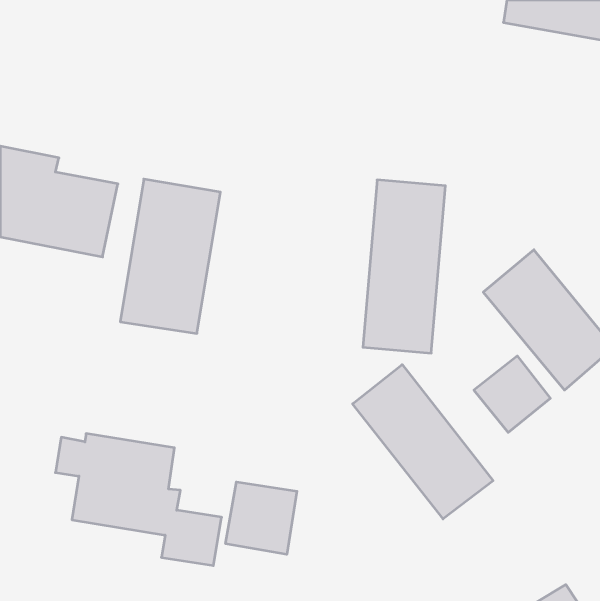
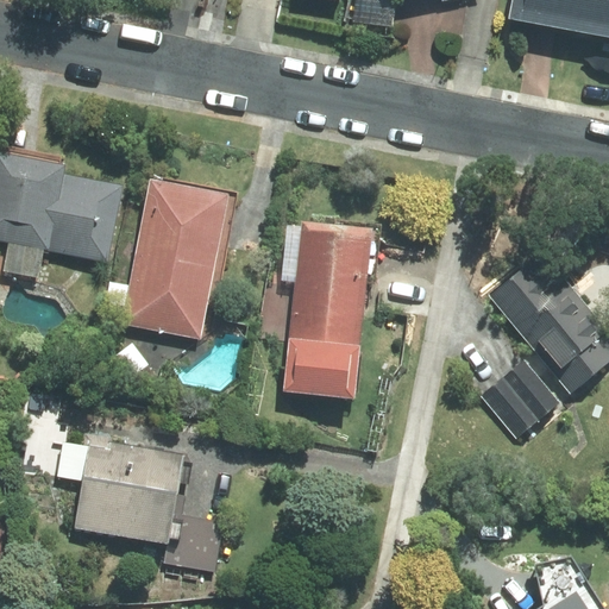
building: [363,180,445,353] -> [284,221,368,396]
building: [353,365,493,519] -> none
building: [226,482,297,554] -> none

